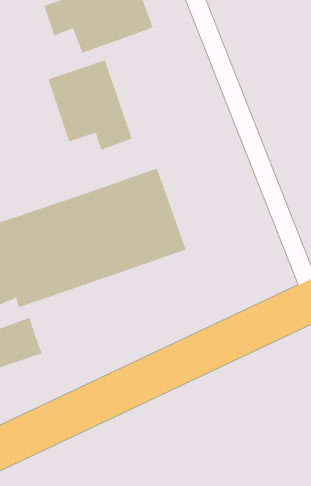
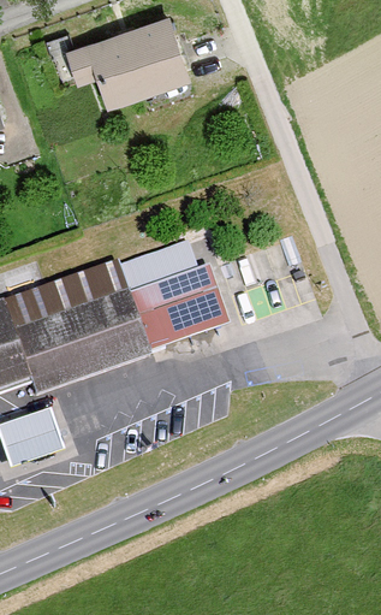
building: [48,59,132,150] -> none

